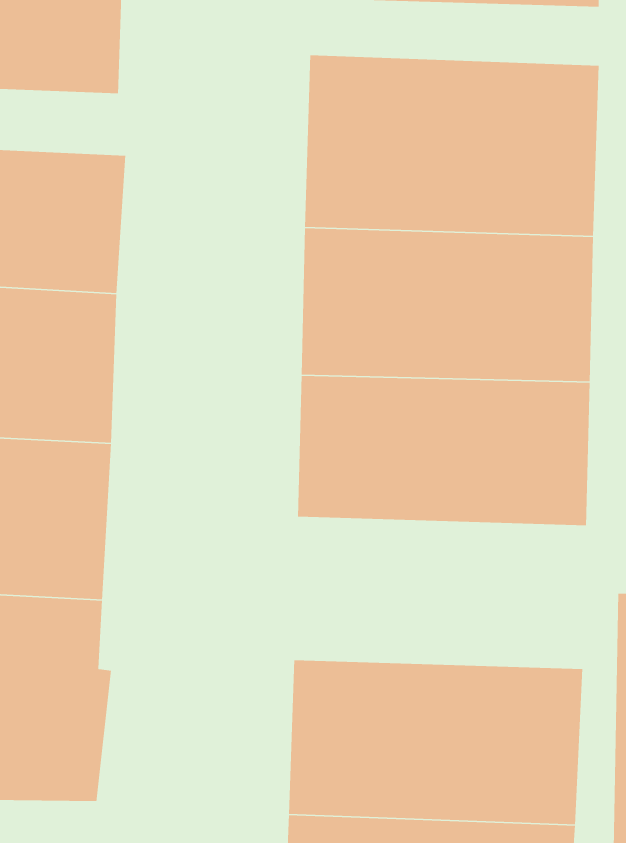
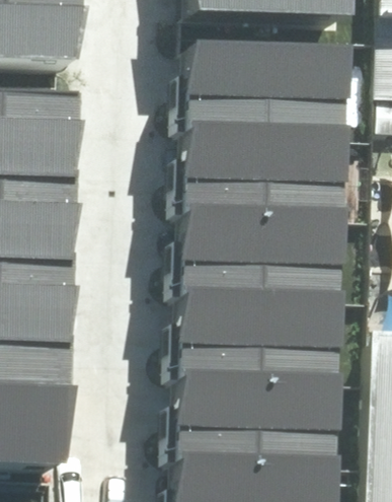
building: none -> [179,300,344,385]

